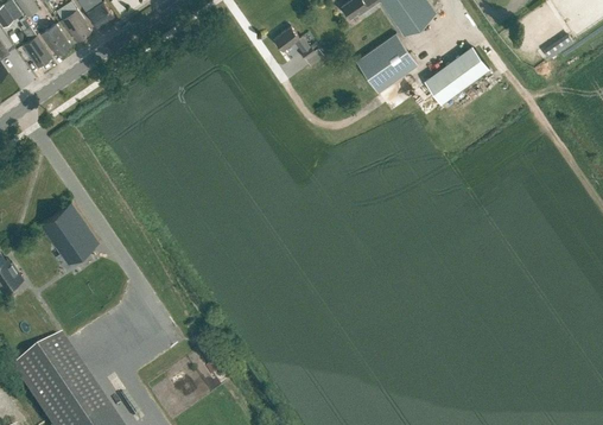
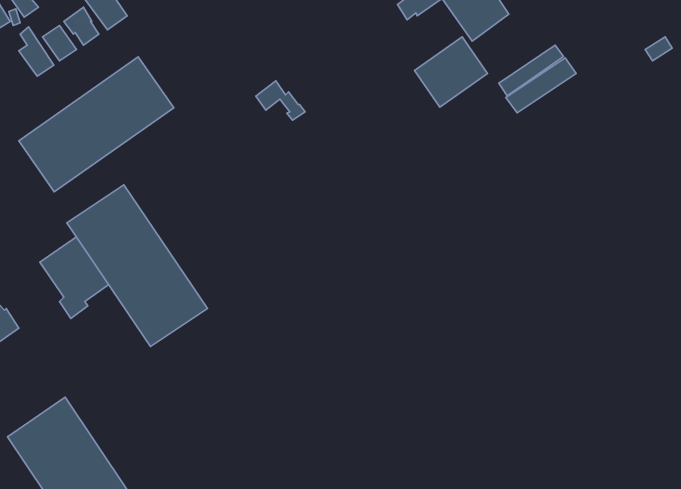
building: [275,25,317,58] -> [256,81,305,120]
building: none -> [19,57,174,192]
building: none -> [67,185,208,346]

